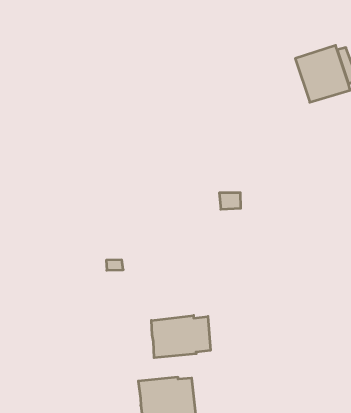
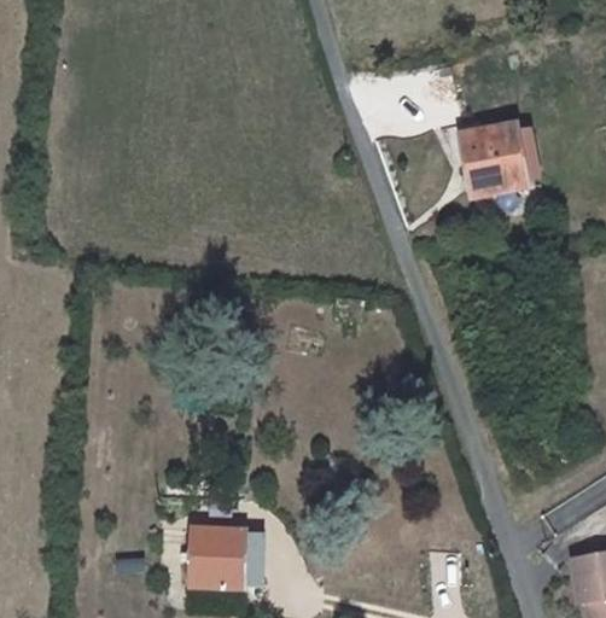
building: [151,315,210,358] -> none

